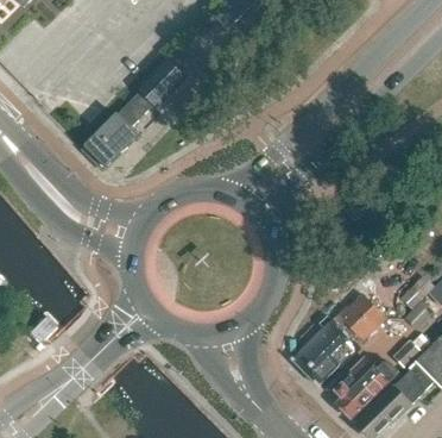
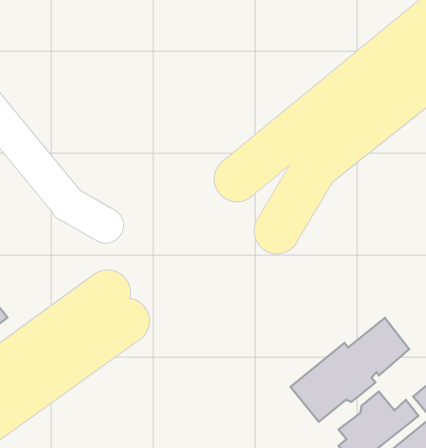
building: [81,58,184,167] -> none

